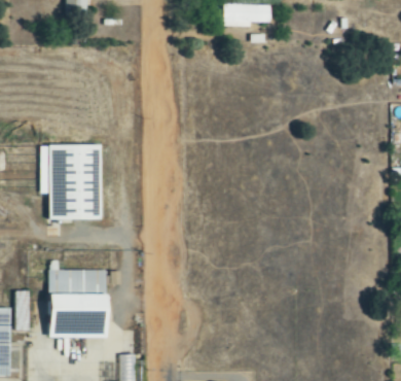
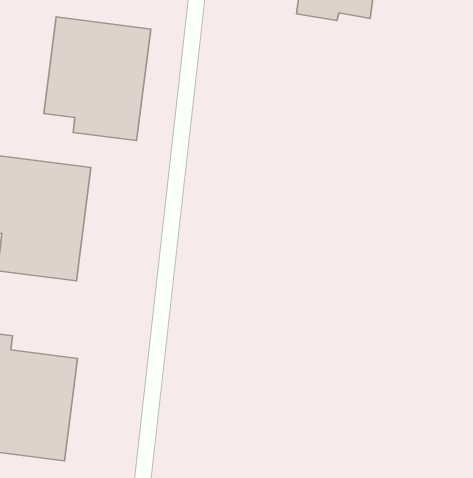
building: none -> [44,17,151,141]

